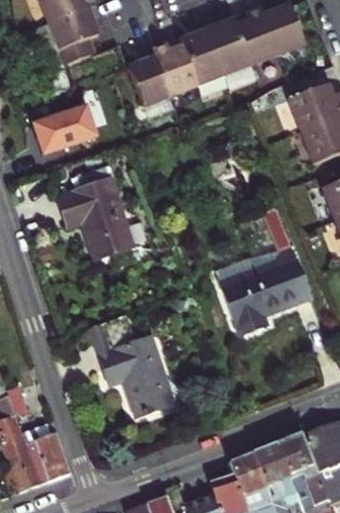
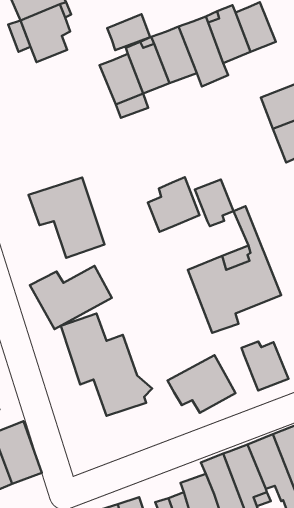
building: none -> [107,14,150,50]
building: [33,105,96,153] -> none
building: none -> [148,177,200,232]
building: none -> [195,179,233,226]
building: none -> [30,266,112,329]
building: none -> [241,341,288,390]
building: none -> [168,355,236,413]

